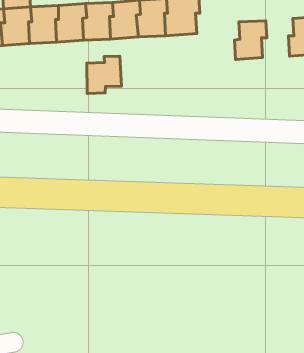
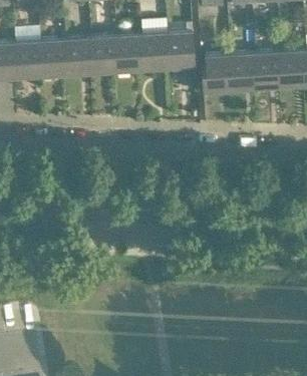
building: none -> [254,52,284,88]
building: none -> [204,55,234,91]
building: [87,56,121,93] -> none

